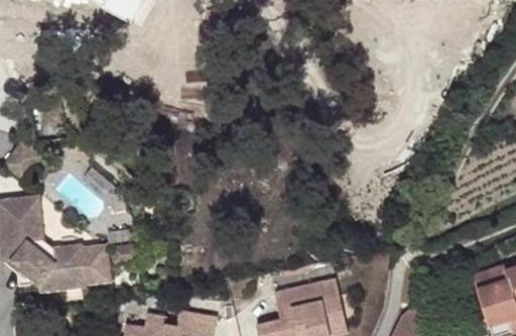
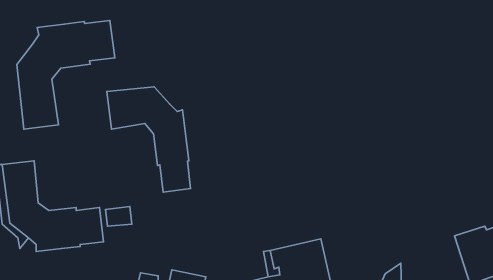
building: none -> [17,21,115,129]
building: none -> [107,87,191,192]

